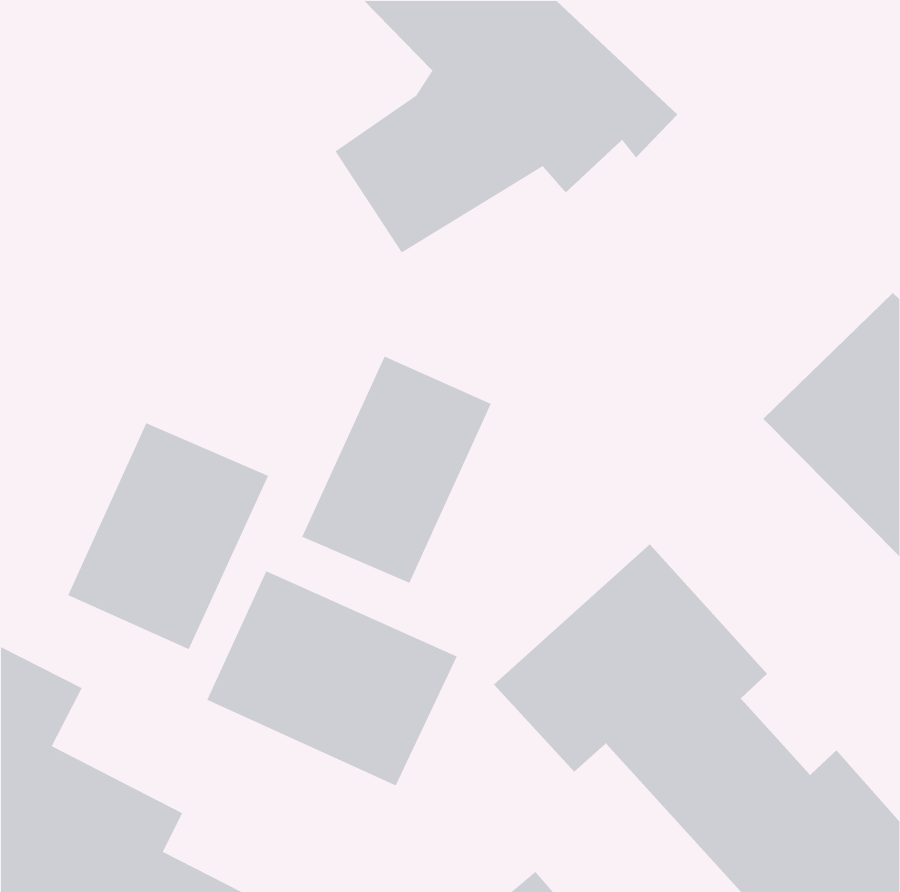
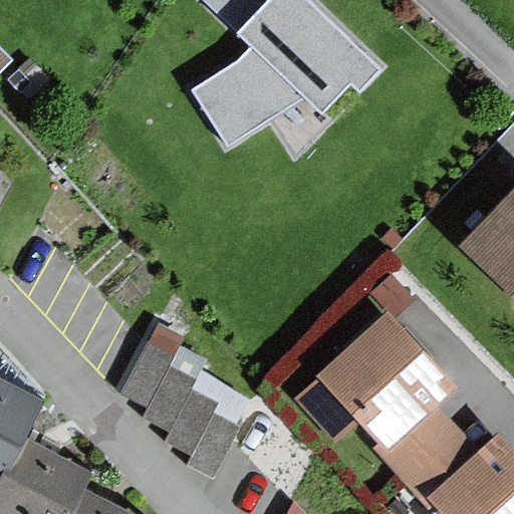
building: [301,355,492,584] -> none
building: [67,422,269,650] -> none

